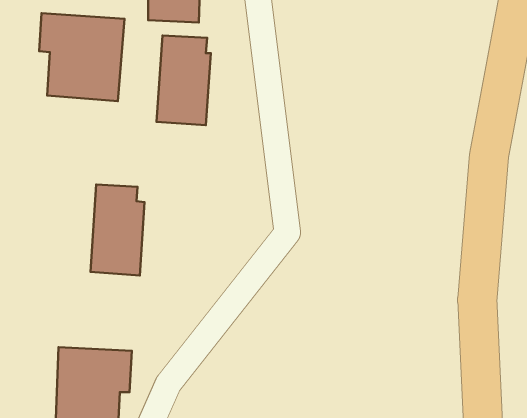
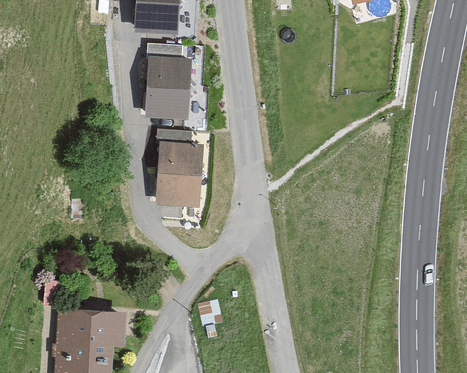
building: [39,13,125,101] -> none
building: [90,185,145,276] -> [154,132,200,210]

